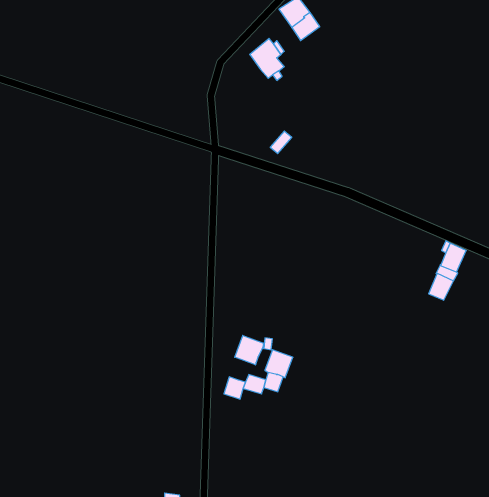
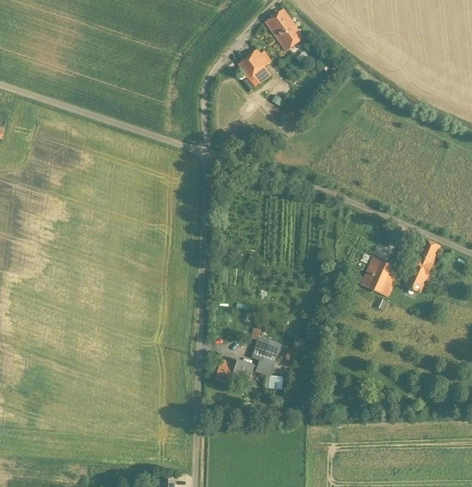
building: none -> [361,257,400,296]
building: [235,335,263,365] -> none

